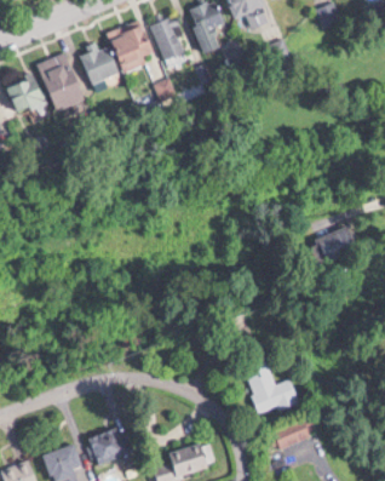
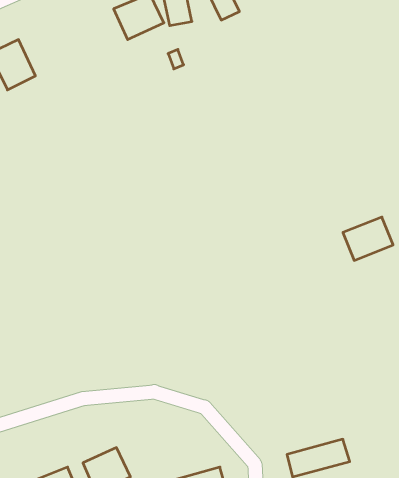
building: [80,46,117,85] -> none
building: [38,61,84,109] -> none
building: [252,374,295,413] -> none

